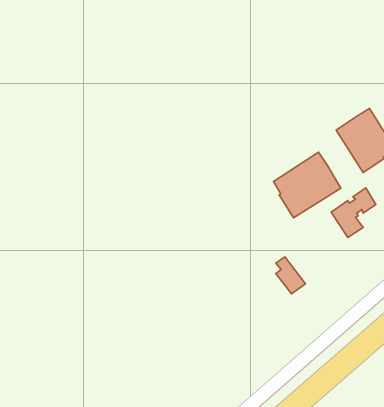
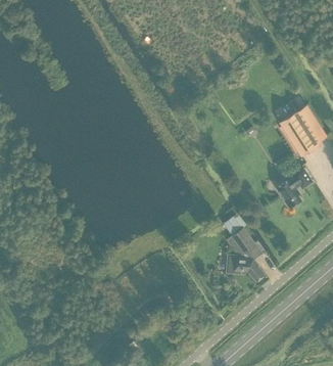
building: [273,152,341,218] -> none
building: none -> [225,254,264,280]

